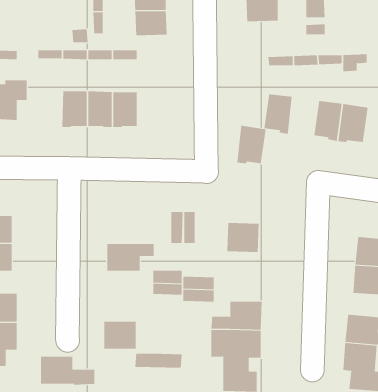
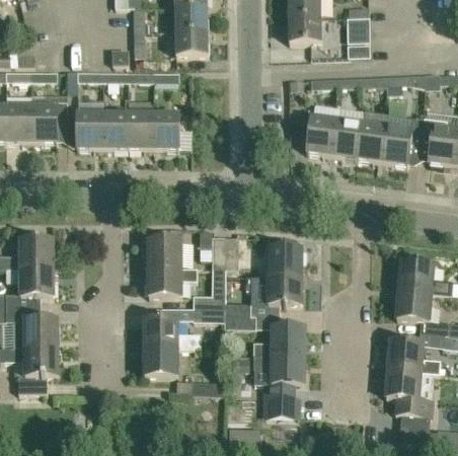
building: none -> [76,111,102,149]
building: [236,125,266,164] -> [331,118,362,157]
building: none -> [147,237,181,267]
building: none -> [245,273,301,303]
building: [40,356,95,385] -> [144,317,200,347]

